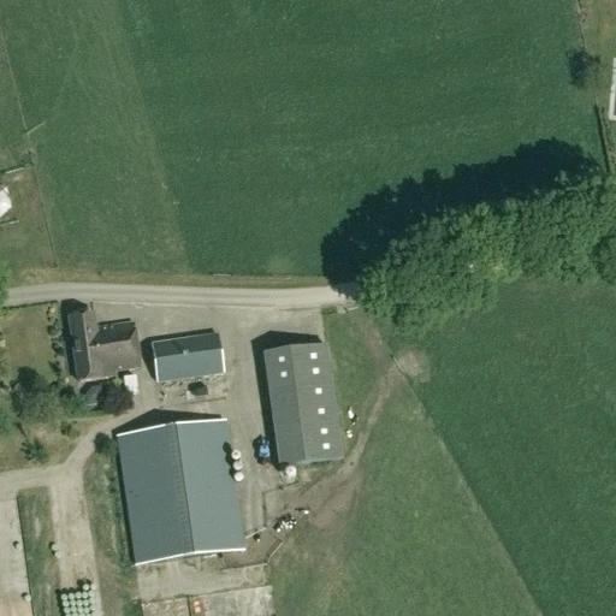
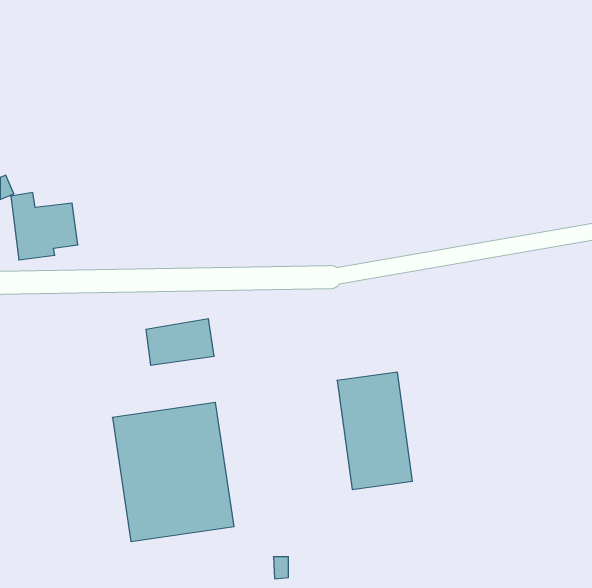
building: [69,309,138,379] -> [11,193,78,260]
building: [262,342,340,463] -> [337,372,412,489]

